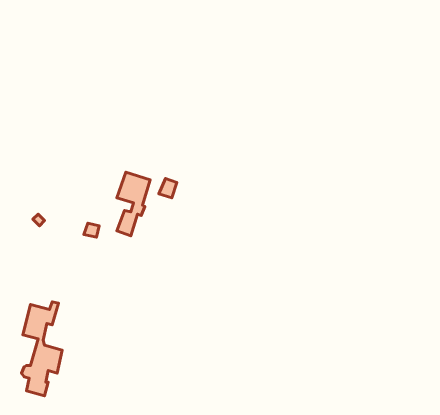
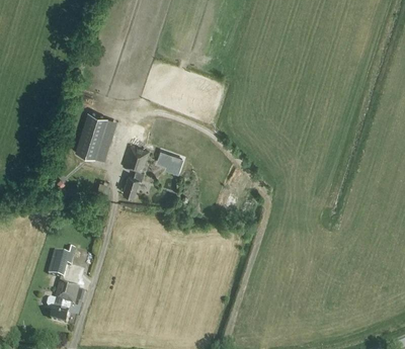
building: none -> [75,112,117,161]

